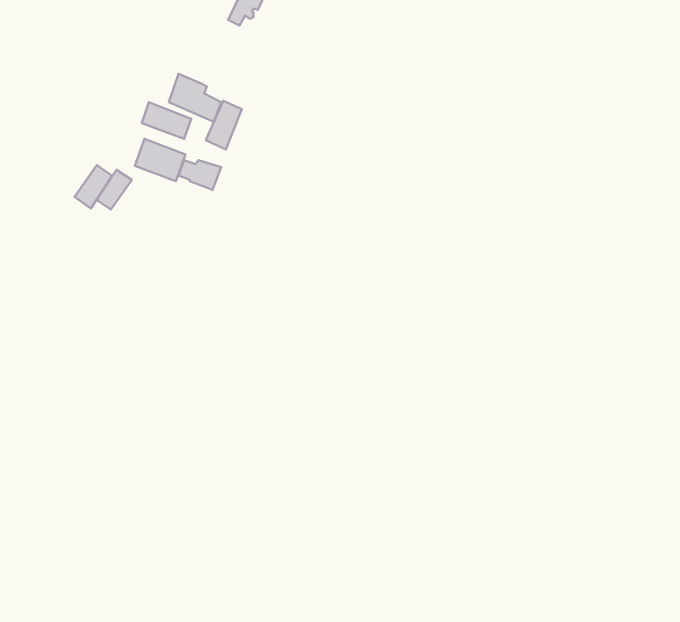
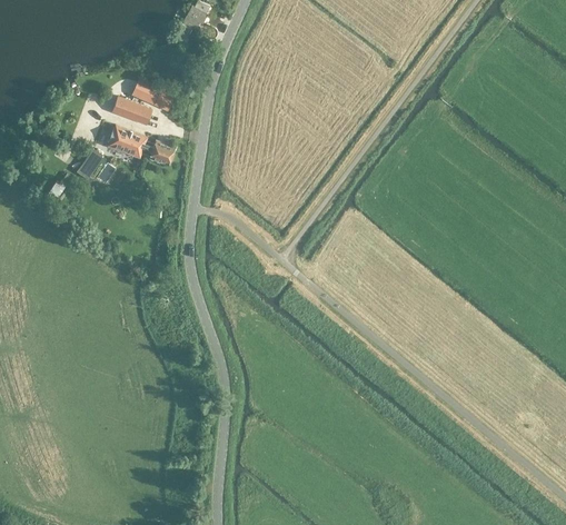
building: [206,101,242,149] -> none
building: [75,165,112,209] -> none

